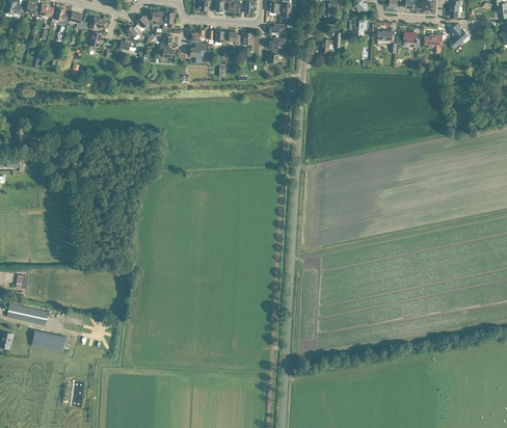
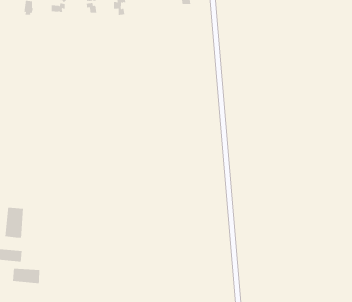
building: none -> [5,207,23,239]

